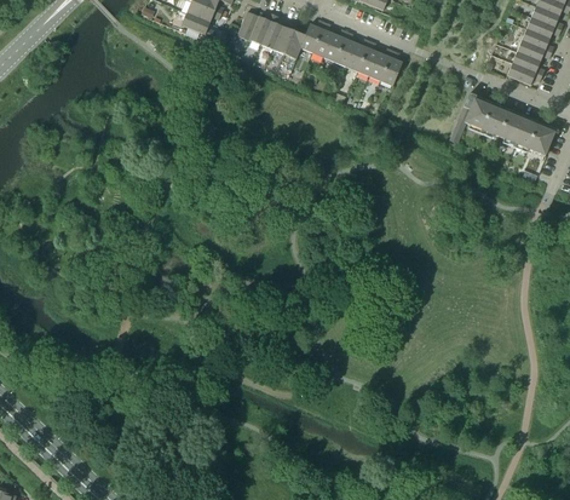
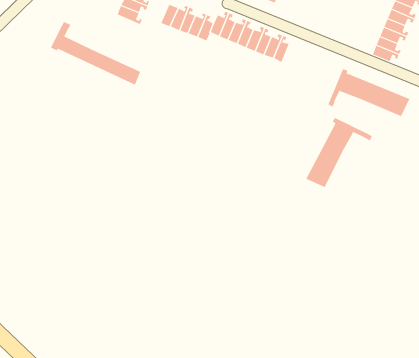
building: none -> [50,21,141,86]
building: none -> [306,117,372,188]

